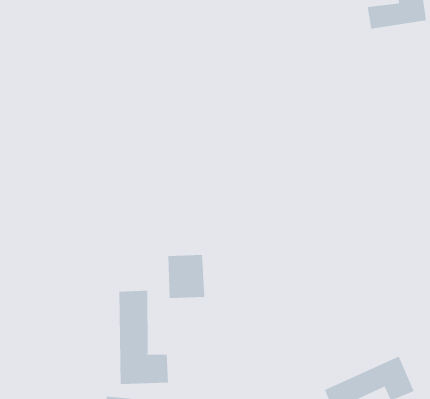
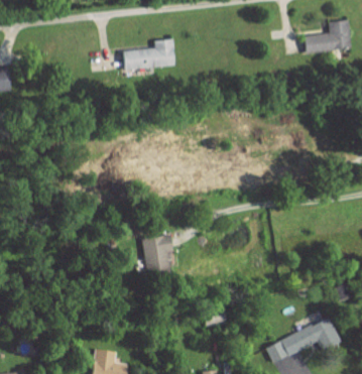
building: none -> [122,39,174,70]
building: [119,290,168,385] -> none

